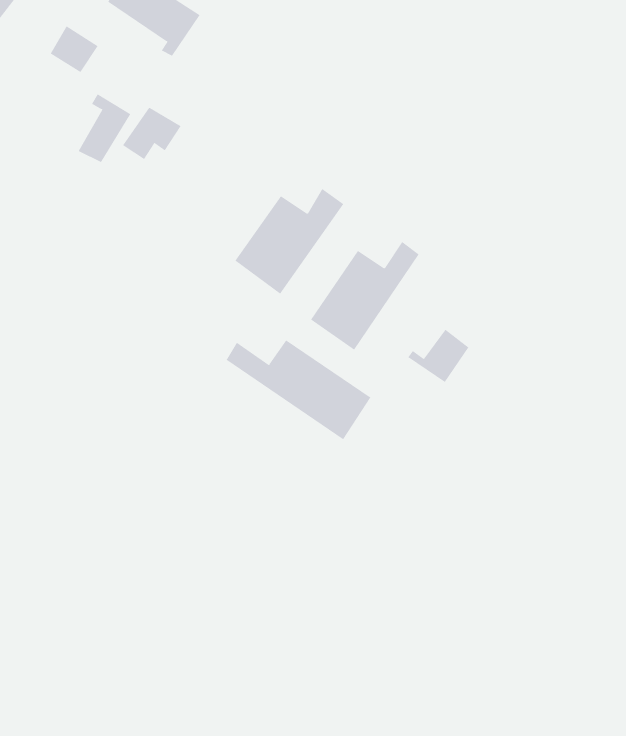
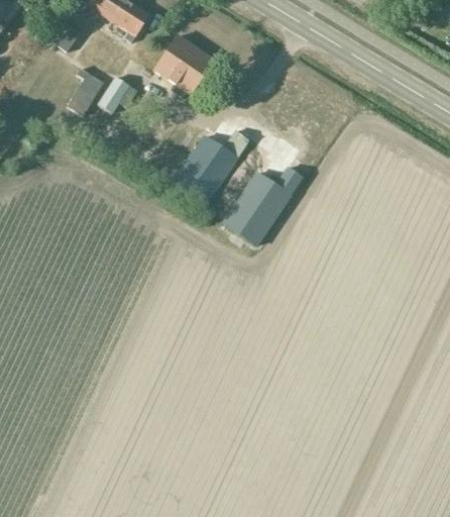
building: none -> [152,31,214,96]
building: [407,329,469,383] -> none
building: [226,339,371,440] -> none

